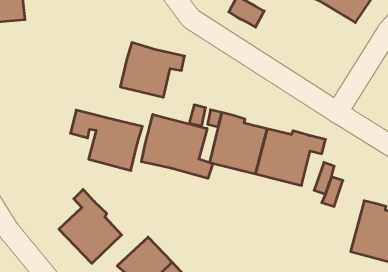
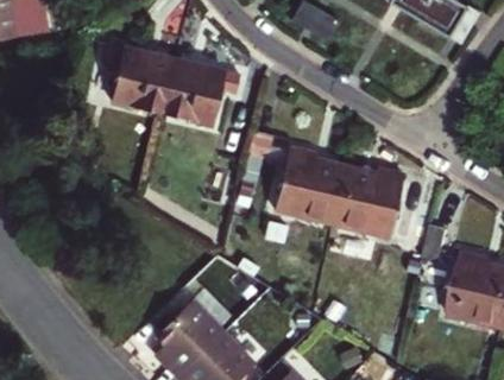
building: [70,110,142,171] -> [82,38,171,113]
building: [141,114,213,178] -> none
building: [59,189,122,263] -> none

